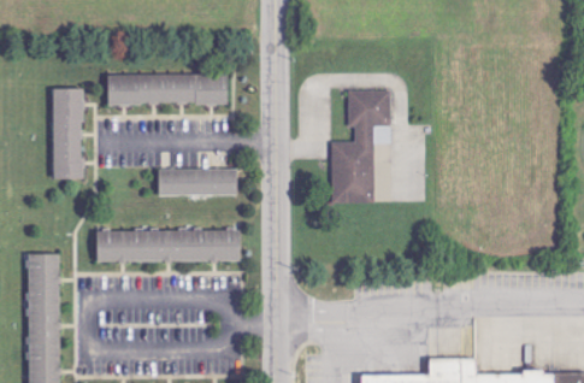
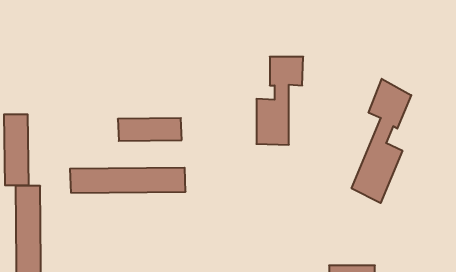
building: [107,75,229,105] -> none
building: [53,89,84,178] -> [4,114,29,185]
building: none -> [352,79,411,203]

